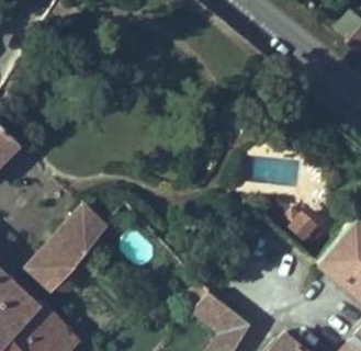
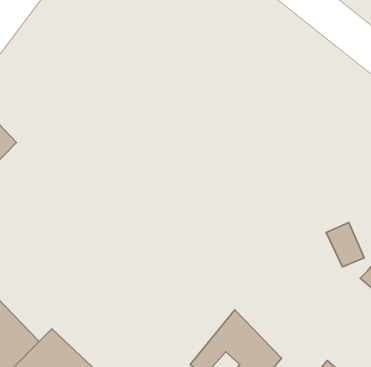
building: [24,215,112,301] -> none

